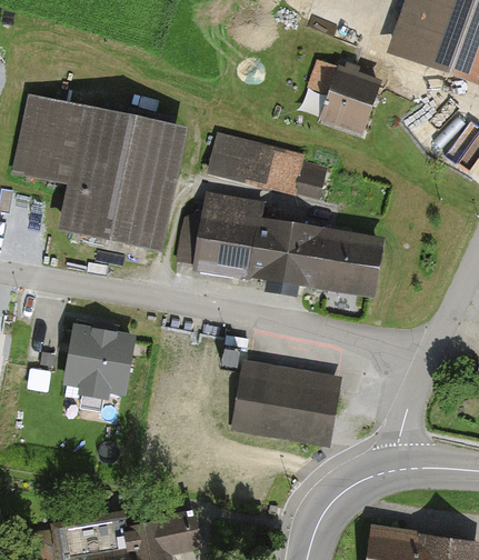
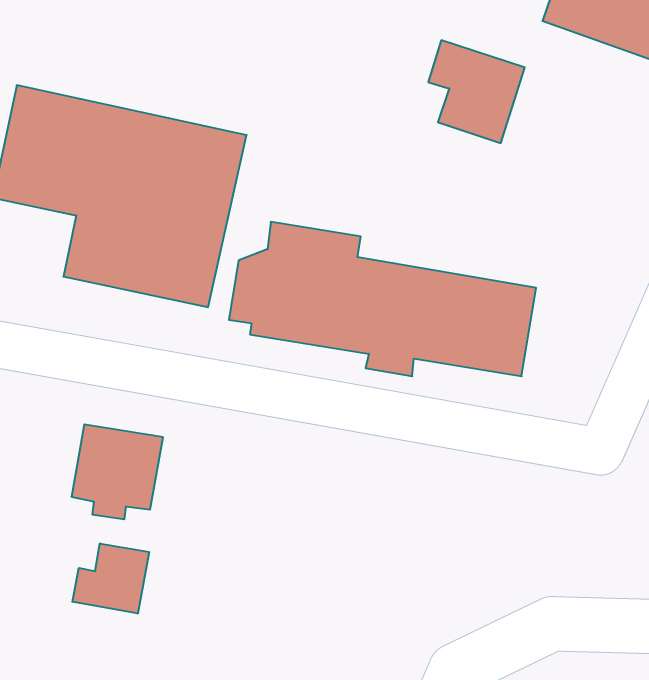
building: [209,132,321,197] -> none
building: [230,362,342,443] -> none
building: none -> [72,543,149,614]

